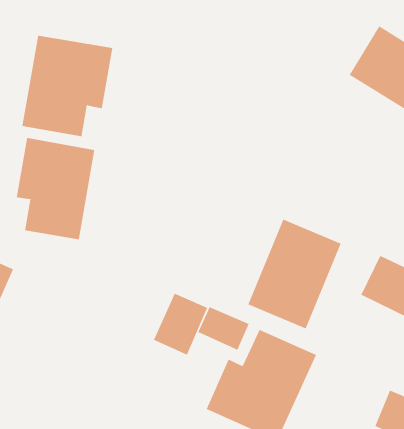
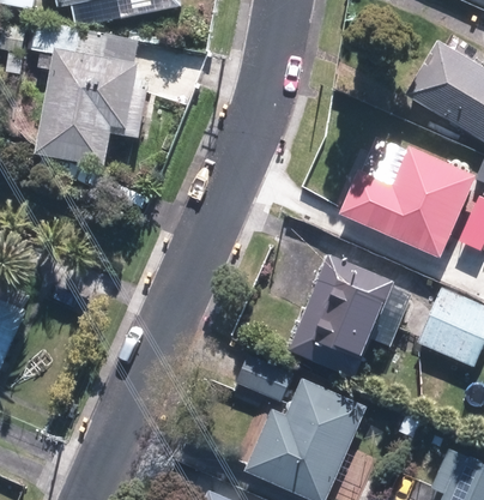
building: none -> [352,126,456,254]
building: [16,137,95,240] -> none
building: [153,293,208,355] -> none

